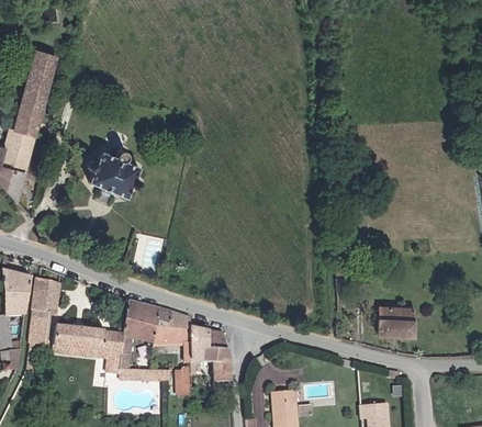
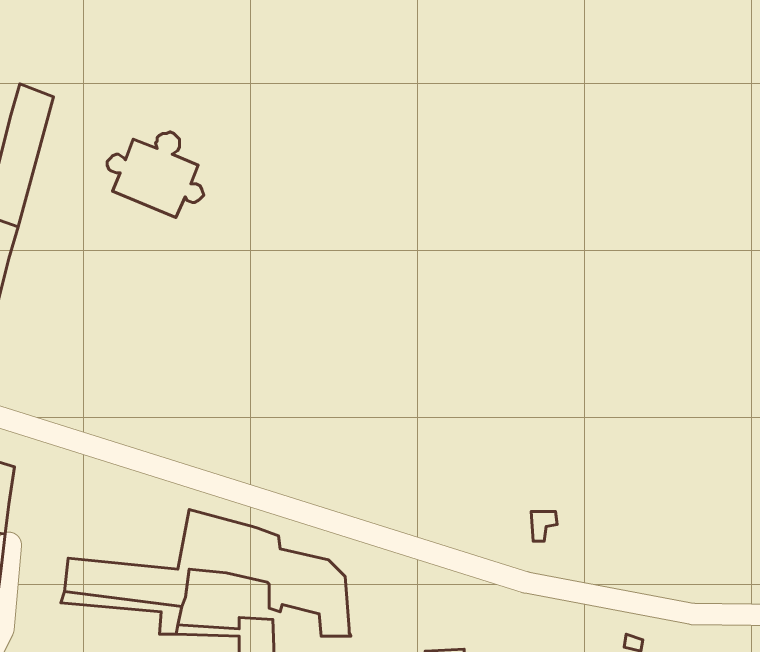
building: [94,148,152,199] -> [107,132,204,217]
building: [35,291,63,350] -> none
building: [378,311,415,340] -> none

